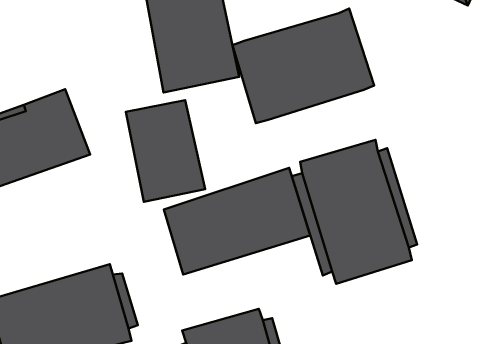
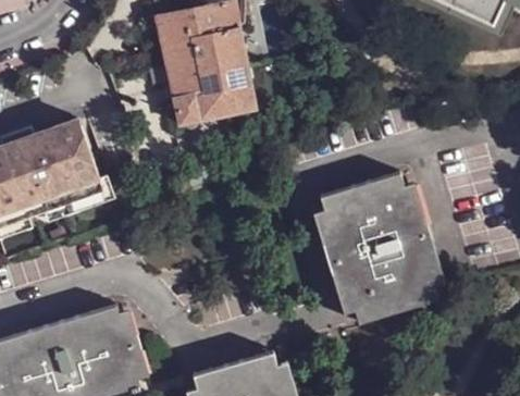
building: [232,9,374,123] -> none
building: [126,100,205,202] -> none
building: [164,168,310,274] -> none

